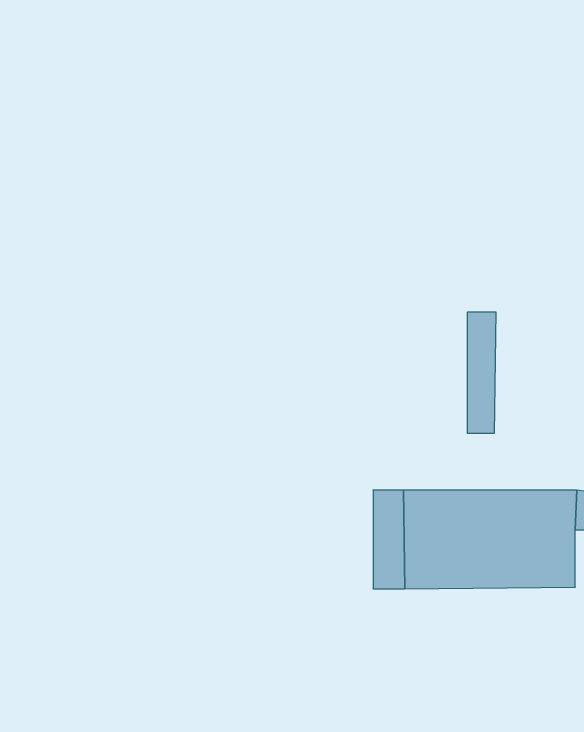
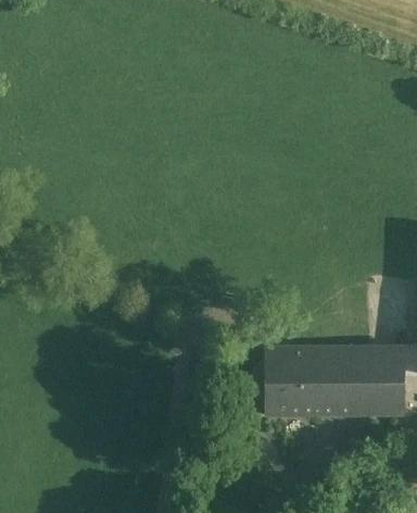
building: [468,312,496,433] -> none

